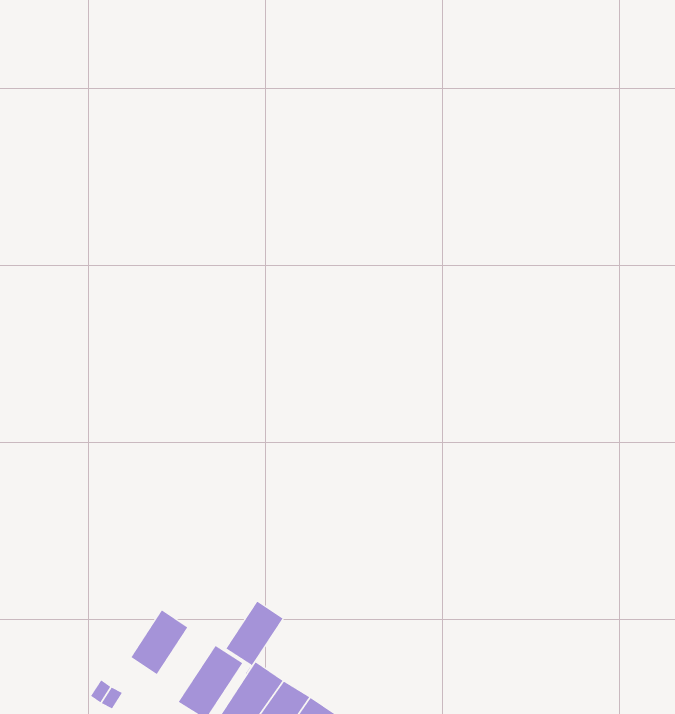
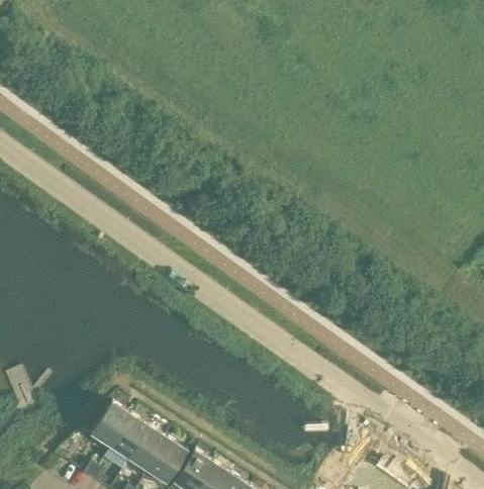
building: none -> [92,403,132,448]
building: [225,601,283,675] -> [129,427,169,478]

